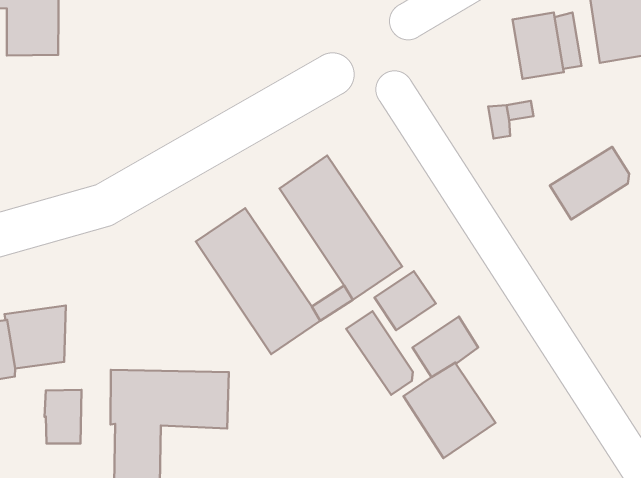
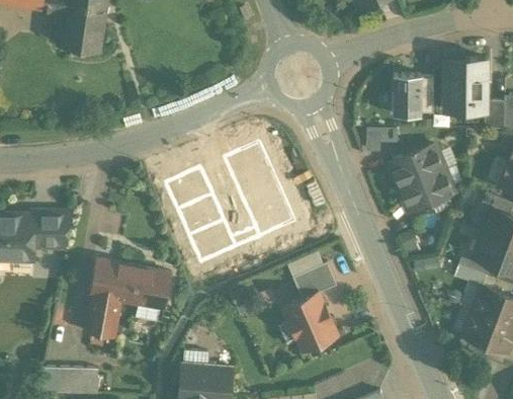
building: none -> [390,144,444,186]
building: [374,271,436,330] -> none
building: [346,311,413,395] -> none
building: [45,390,82,443] -> none

